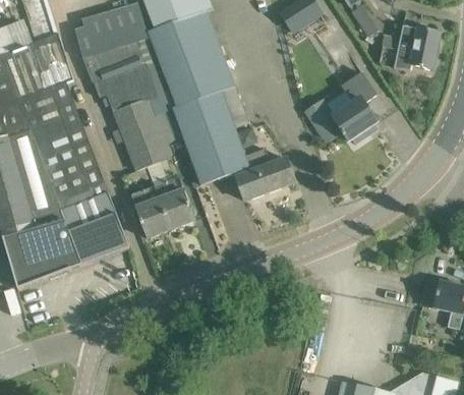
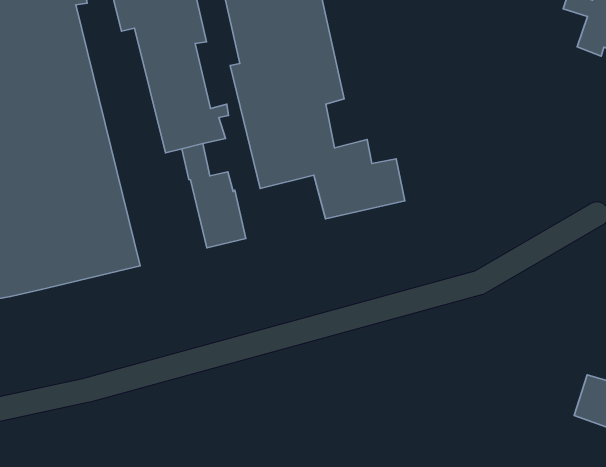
building: [303,70,375,144] -> none
building: [130,185,170,237] -> none

